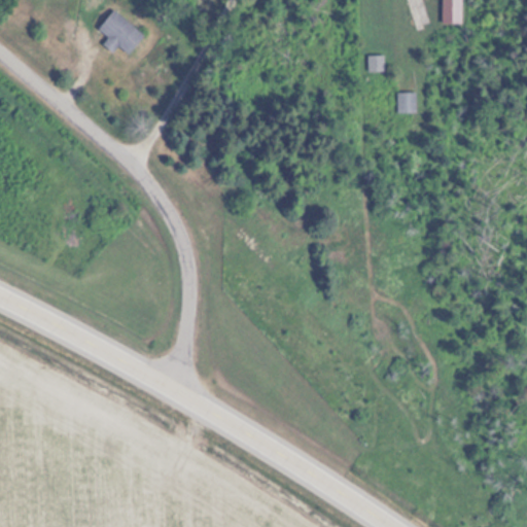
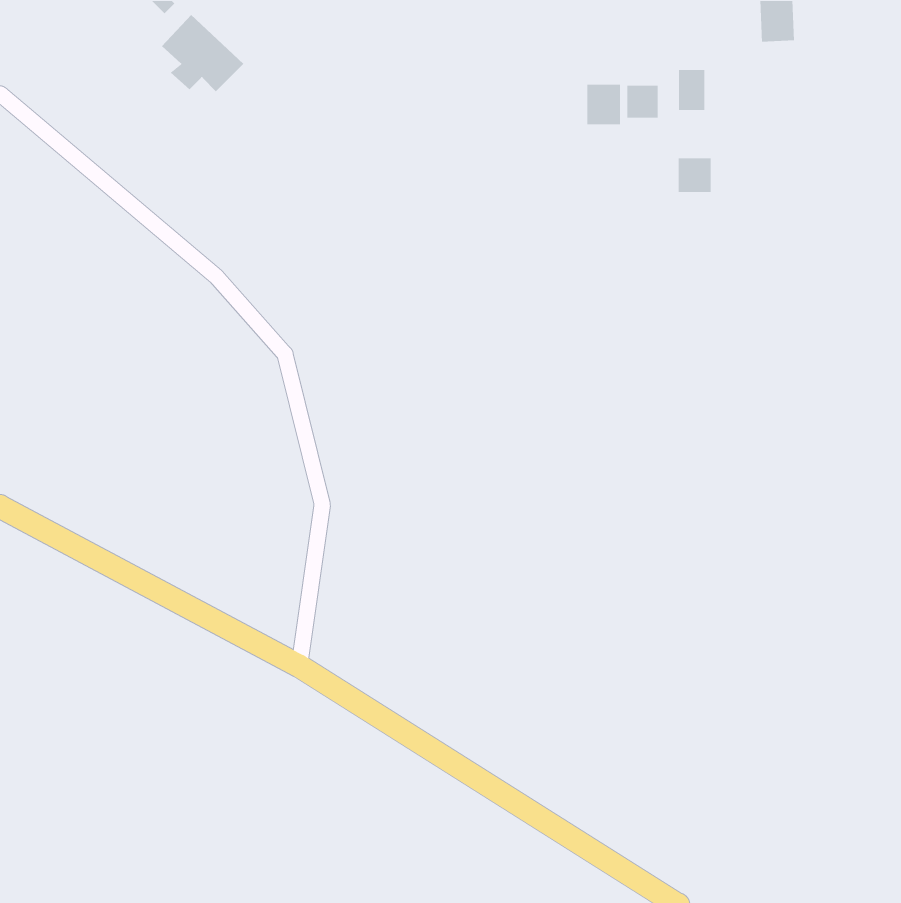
building: none -> [678,69,705,111]
building: none -> [586,84,621,125]

